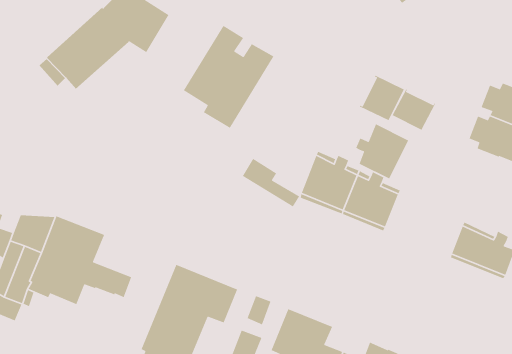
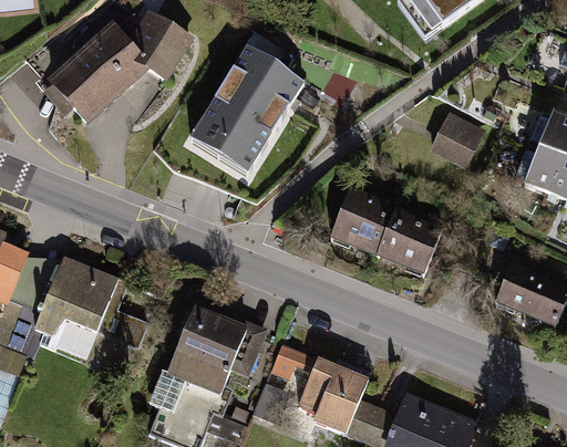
building: [359,75,405,121] -> none
building: [355,123,409,180] -> none
building: [242,158,300,207] -> [190,118,255,173]

